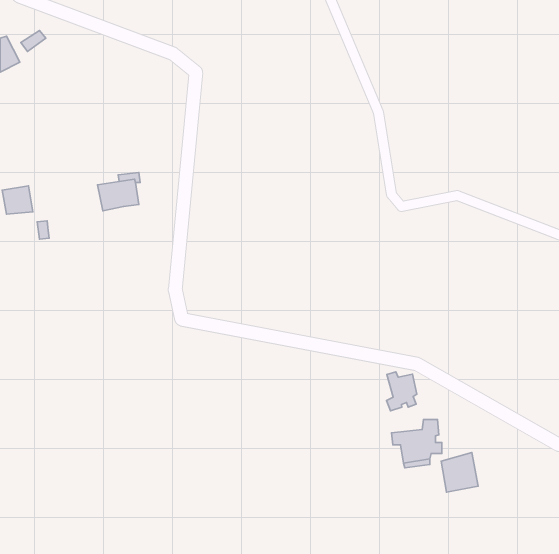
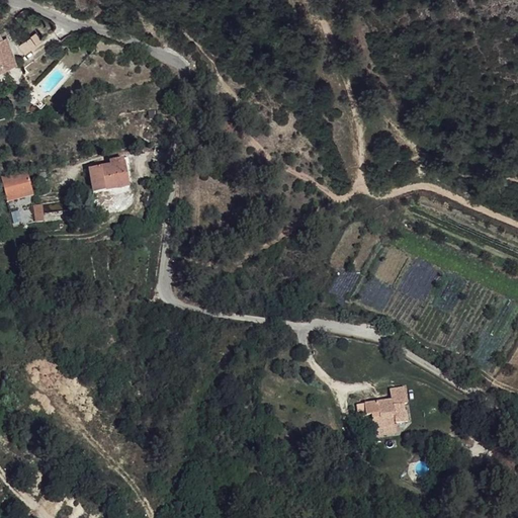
building: [386,372,417,411] -> none
building: [441,452,478,492] -> none

